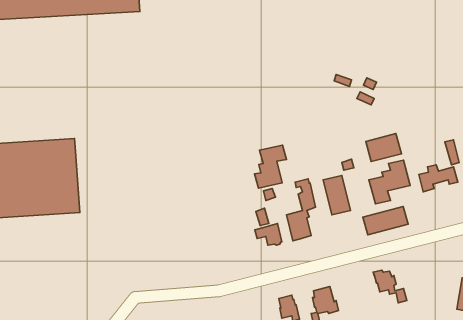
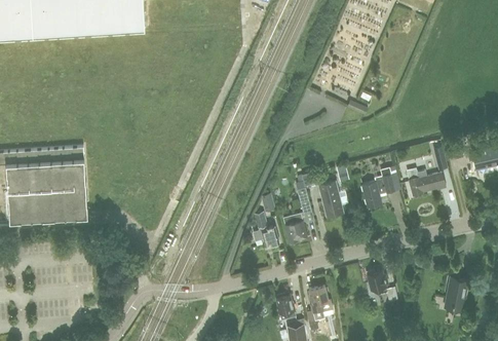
building: [366,134,401,162] -> none
building: [254,145,286,188] -> none
building: [363,207,408,235] -> none

